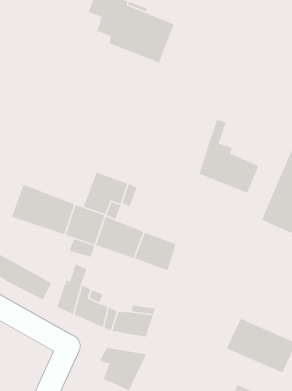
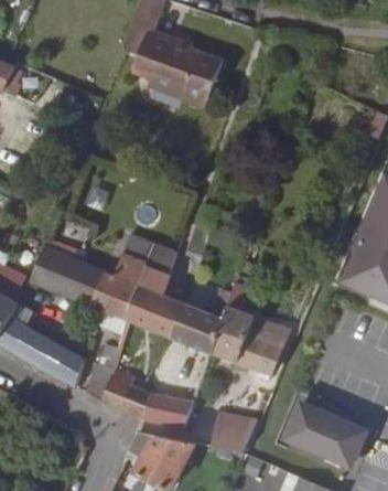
building: [199,119,259,194] -> [215,285,285,372]
building: none -> [217,416,258,453]

